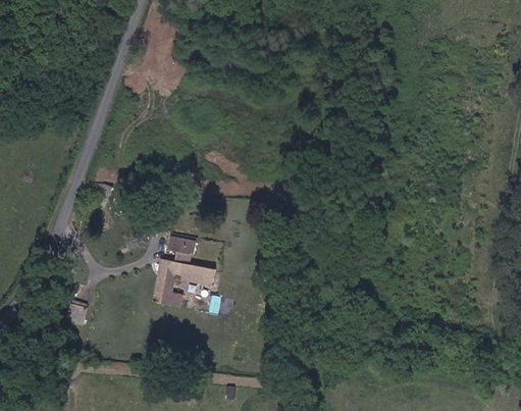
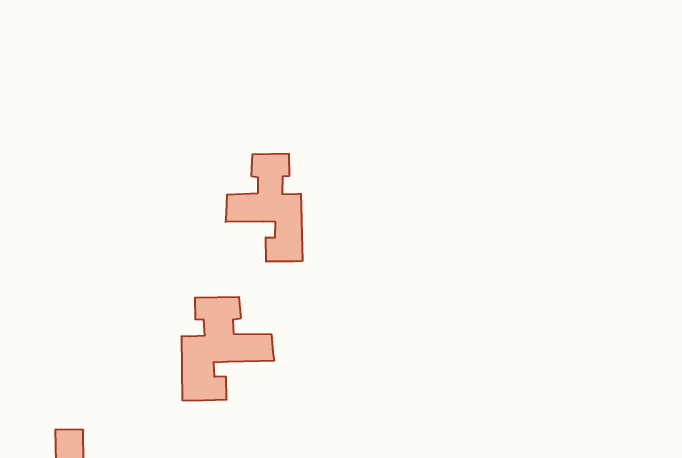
building: none -> [226,154,302,262]

